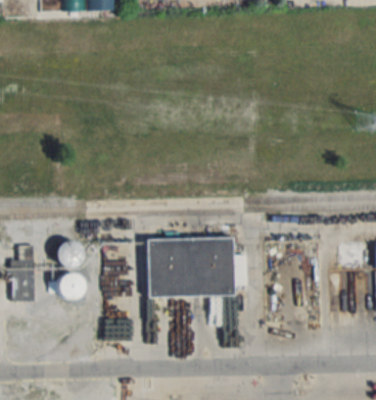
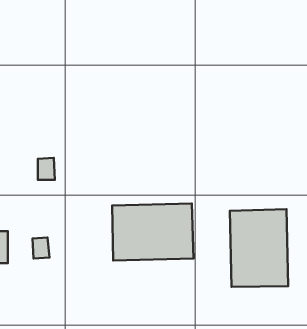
building: [60,242,79,265] -> [38,158,55,180]
building: none -> [230,209,288,287]

